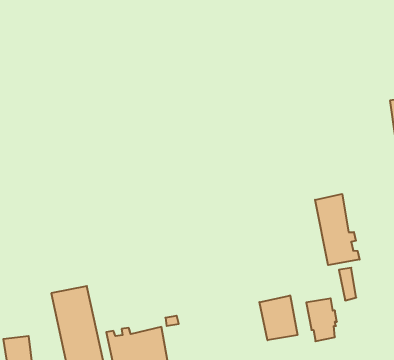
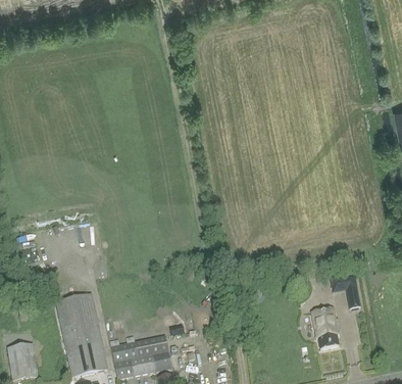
building: [315,194,360,265] -> none
building: [259,295,297,340] -> none

